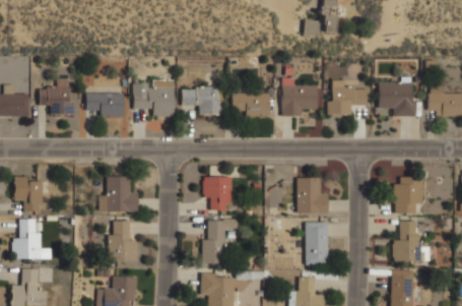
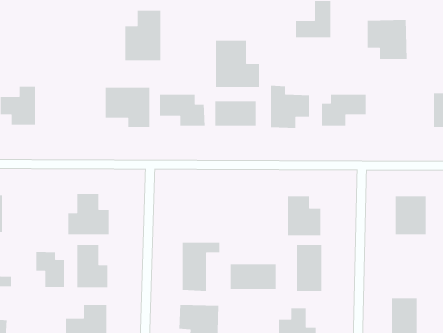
building: none -> [125,10,161,61]
building: none -> [215,40,260,88]
building: [379,79,415,116] -> [367,19,407,60]
building: [87,85,124,116] -> none
building: [203,176,232,210] -> none
building: [393,221,421,260] -> none
building: none -> [36,251,65,288]
building: none -> [230,264,277,290]

